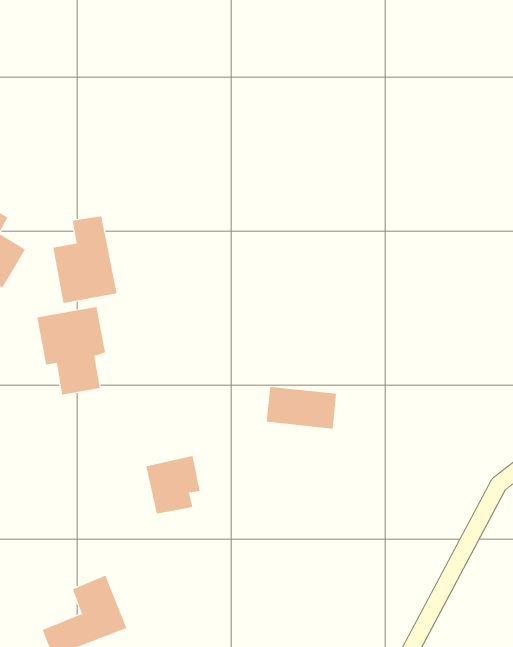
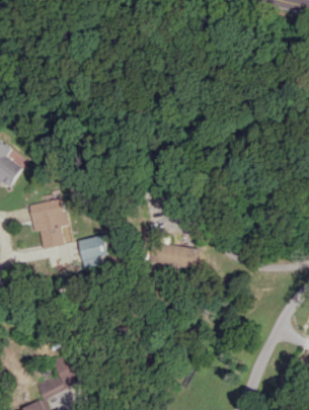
building: [53,215,117,304] -> none
building: [145,456,200,514] -> [78,235,109,268]

